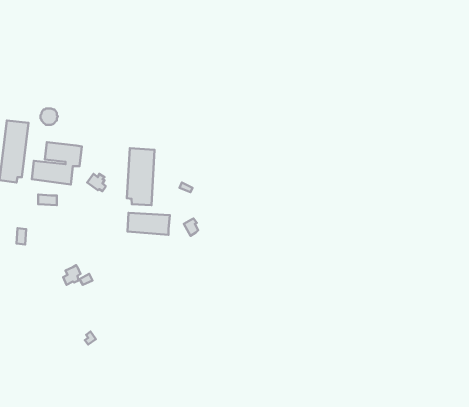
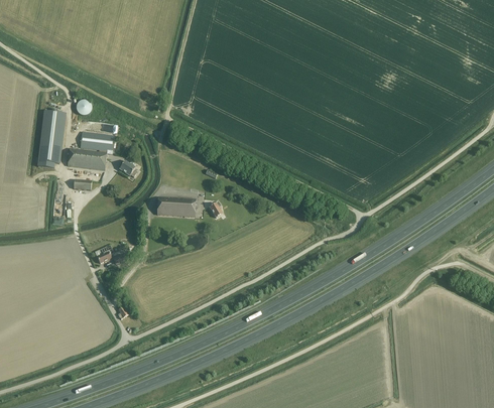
building: [127,148,154,205] -> none

